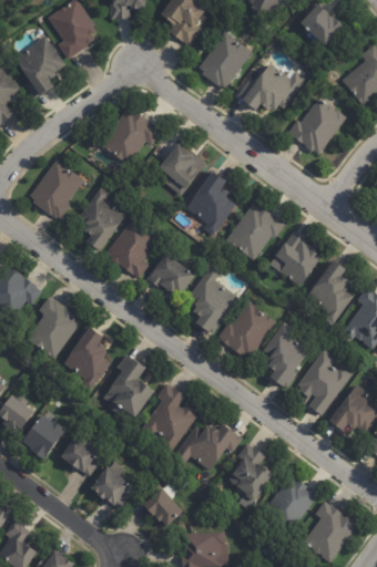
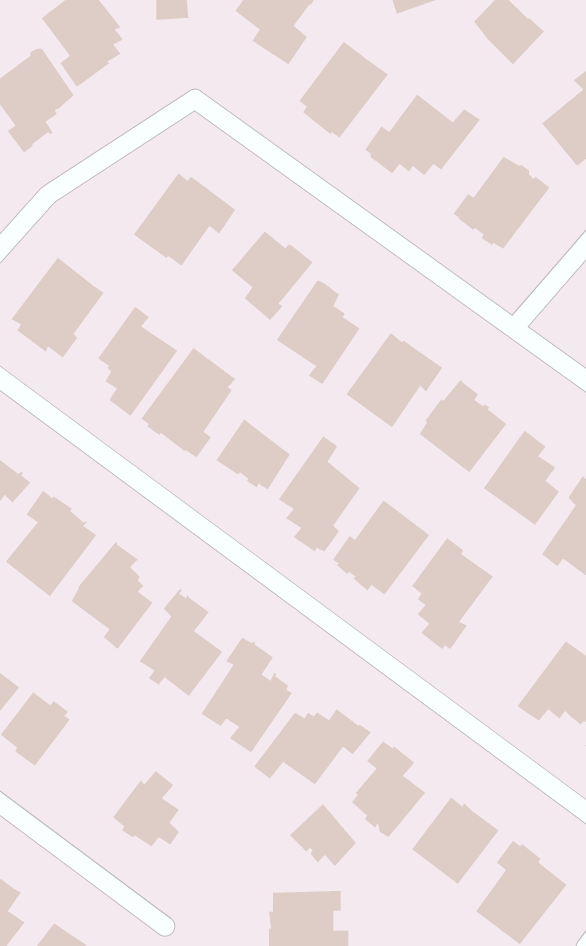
building: [298,349,353,414] -> none
building: [59,435,99,476] -> none
building: [143,487,183,525] -> [289,803,357,867]

